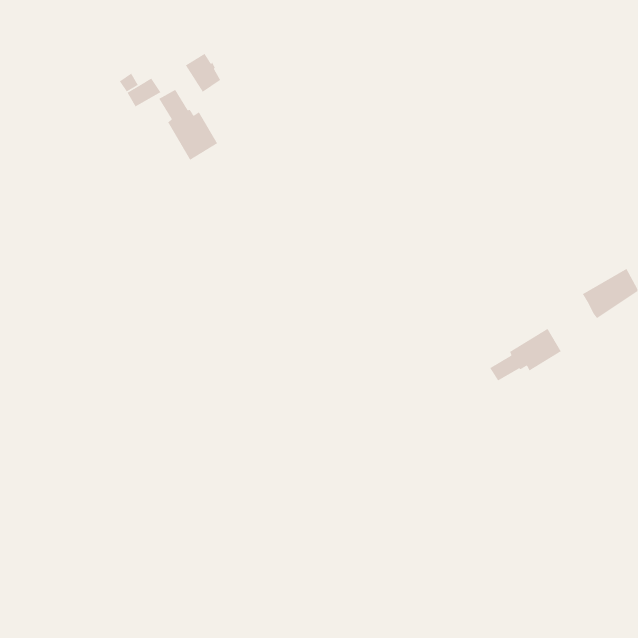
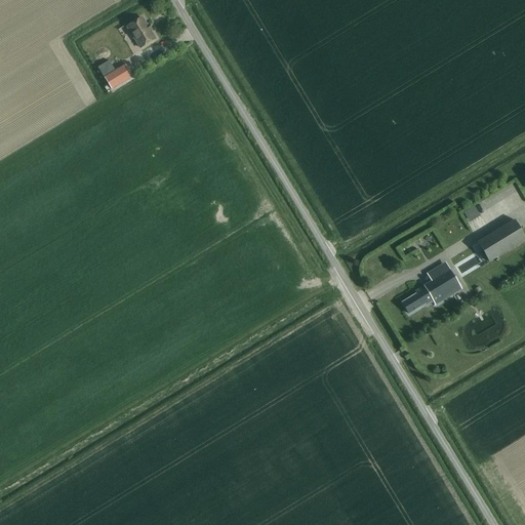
building: [185,53,221,93] -> [125,15,155,48]
building: [158,89,218,161] -> none

